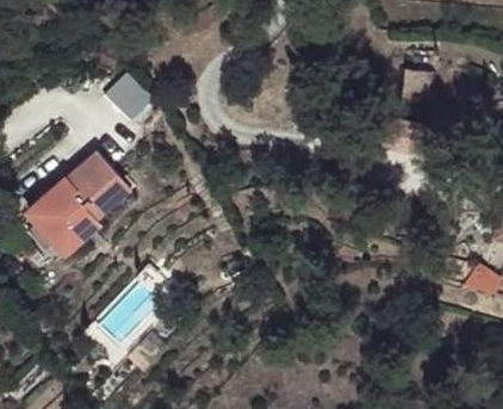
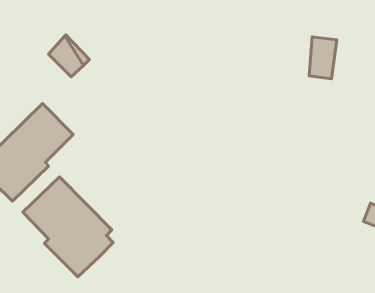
building: none -> [23,177,113,277]

